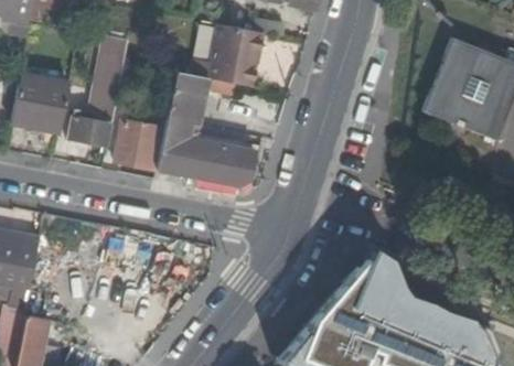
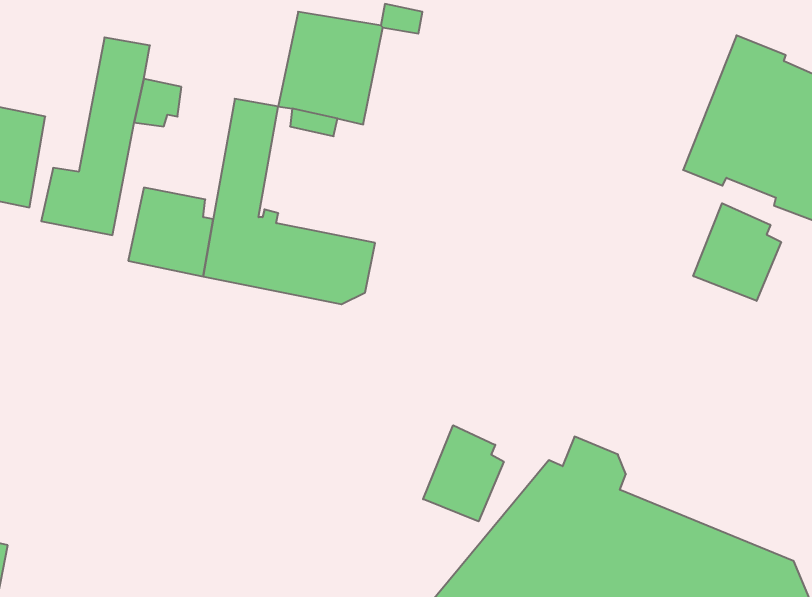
building: none -> [693,203,781,301]
building: none -> [423,425,504,521]

